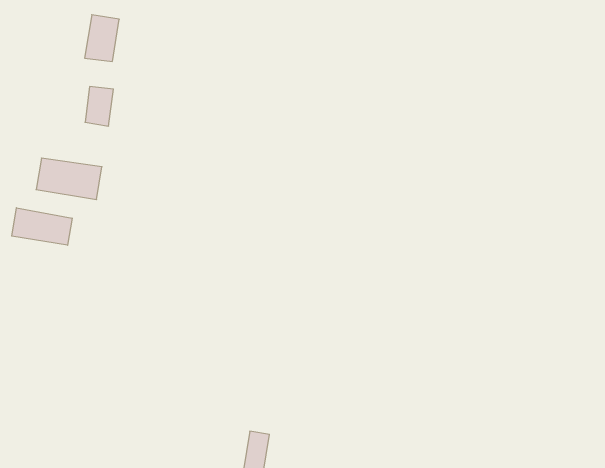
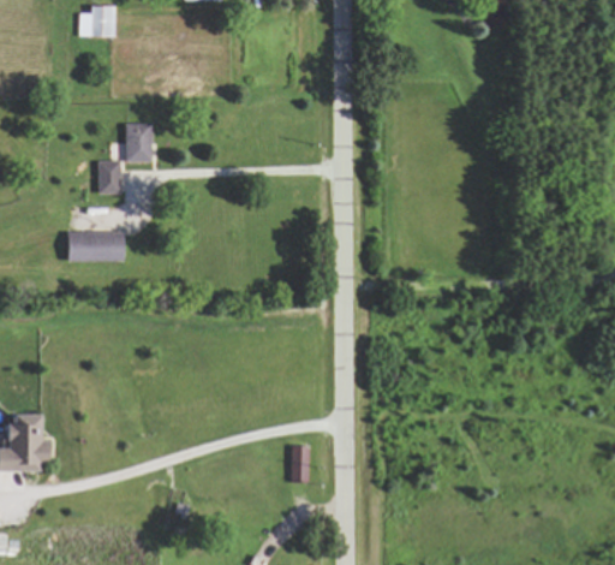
building: [85,15,119,61] -> [126,123,151,162]
building: [12,208,72,245] -> none

